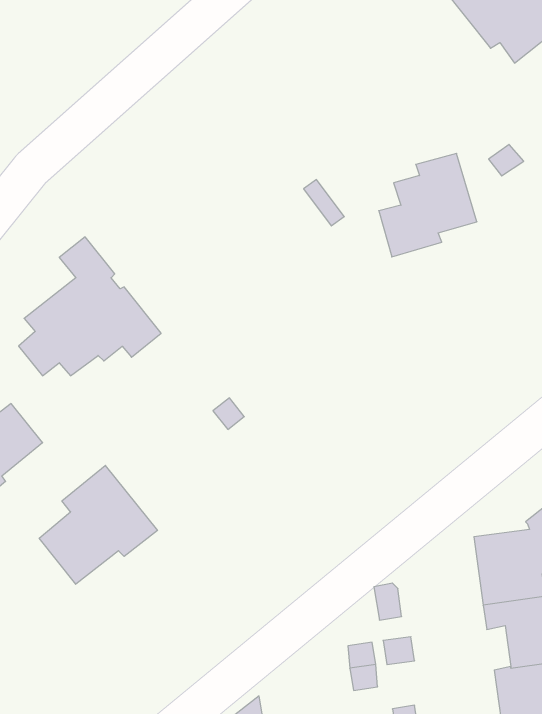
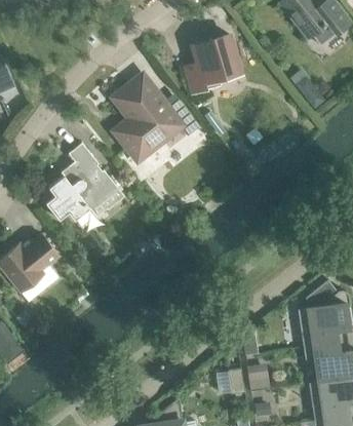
building: none -> [115,77,199,158]
building: [379,153,477,257] -> [186,35,240,92]
building: [39,465,157,584] -> none

